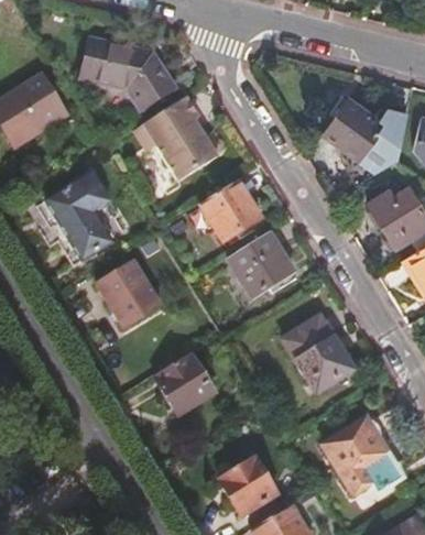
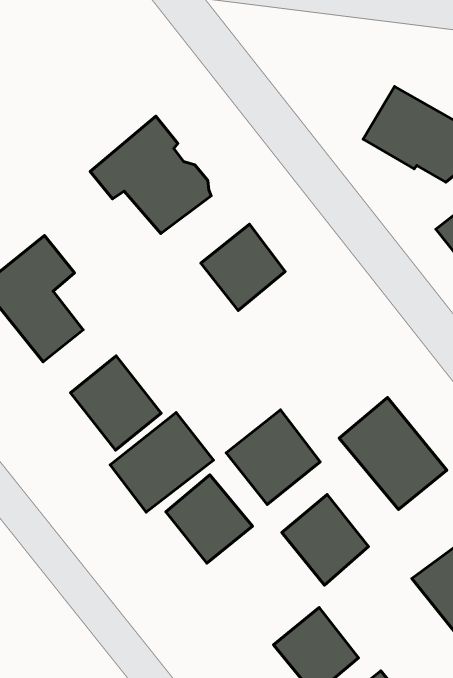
building: [81,39,175,109] -> none
building: [228,232,293,297] -> [226,410,320,505]
building: none -> [110,412,214,512]
building: none -> [282,495,369,585]

